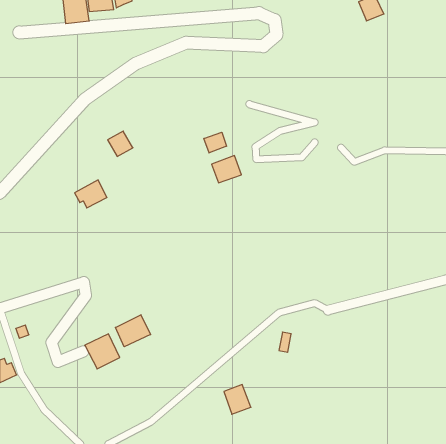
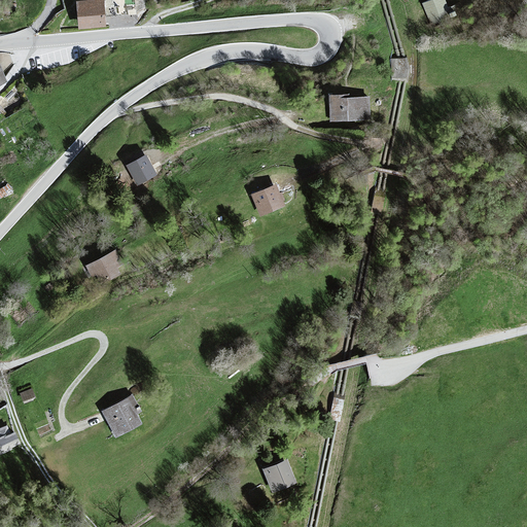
building: none -> [330,96,371,120]
building: [204,132,227,153] -> none
building: [75,180,107,208] -> [85,248,124,281]
building: [115,315,151,347] -> none

